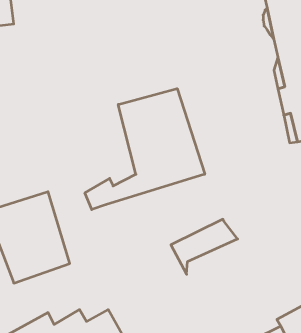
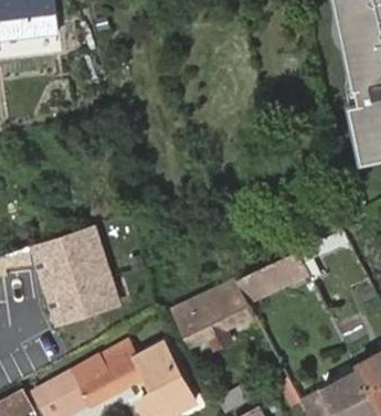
building: [85,89,205,210] -> none
building: none -> [165,281,250,348]

